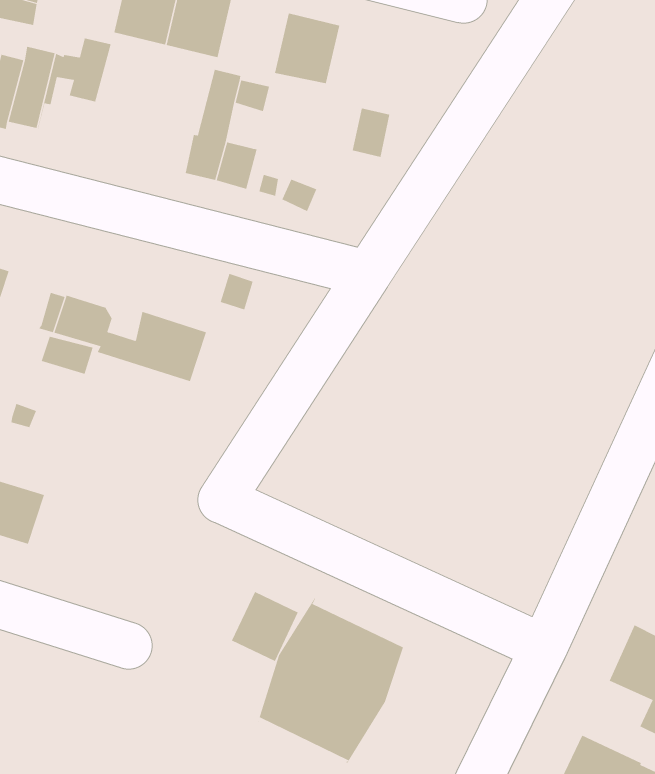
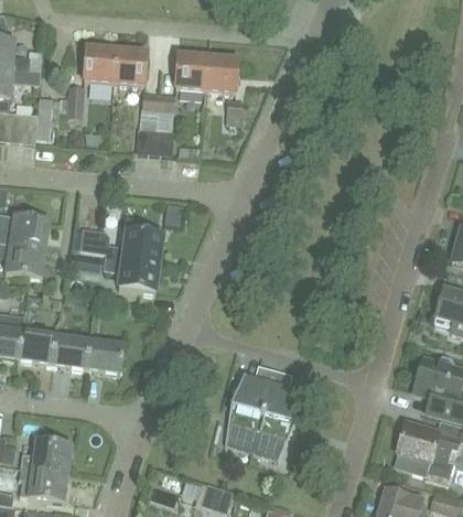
building: none -> [205,55,237,90]
building: none -> [103,256,158,291]
building: none -> [84,338,123,373]
building: [231,591,299,662] -> none

